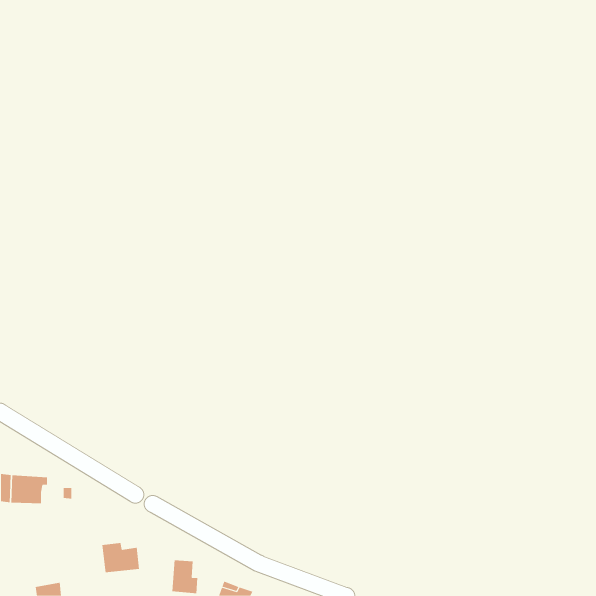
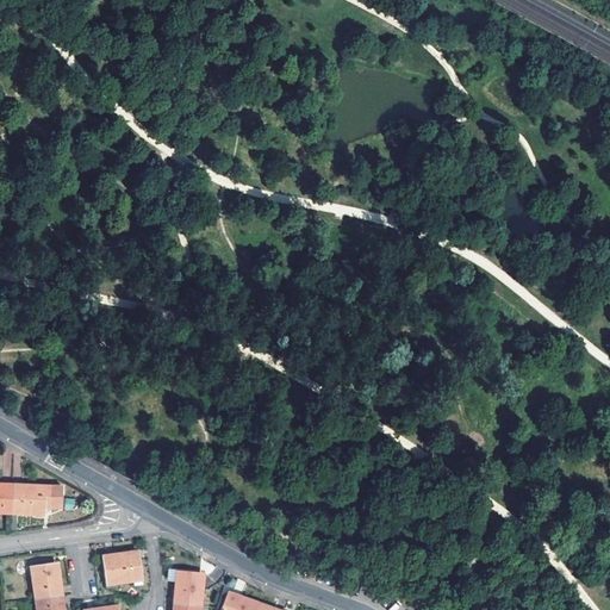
building: none -> [32,565,62,599]

